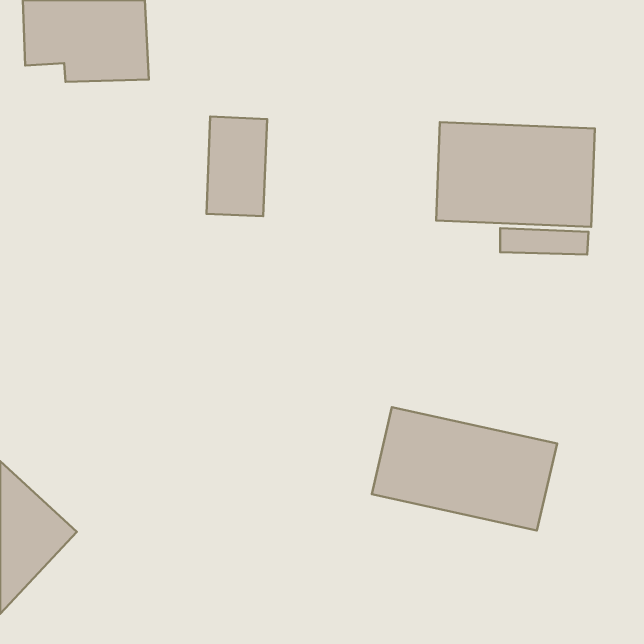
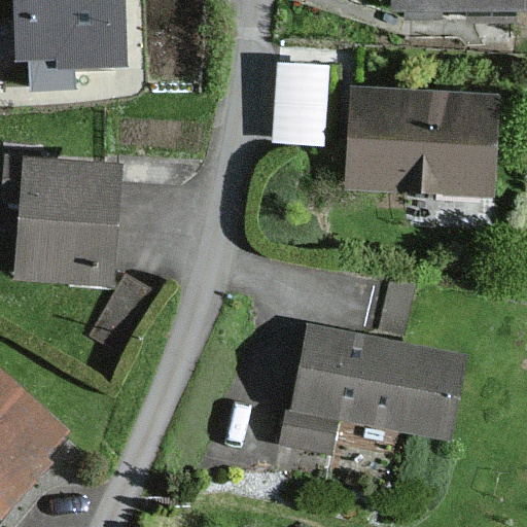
building: [207,117,267,216] -> [275,54,324,135]
building: none -> [27,167,109,279]

